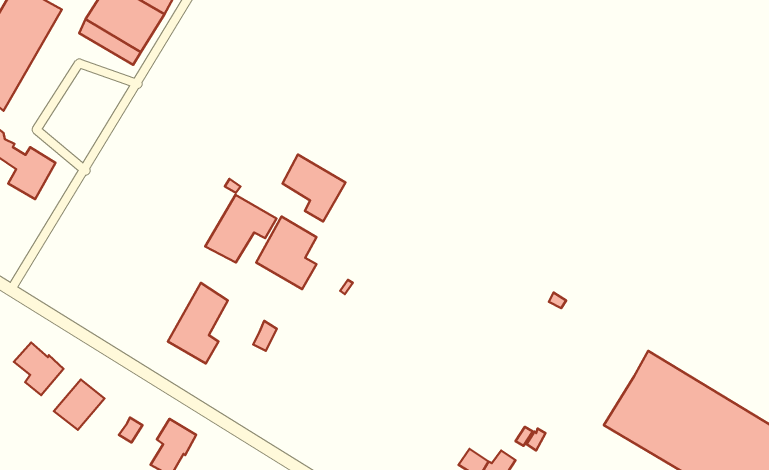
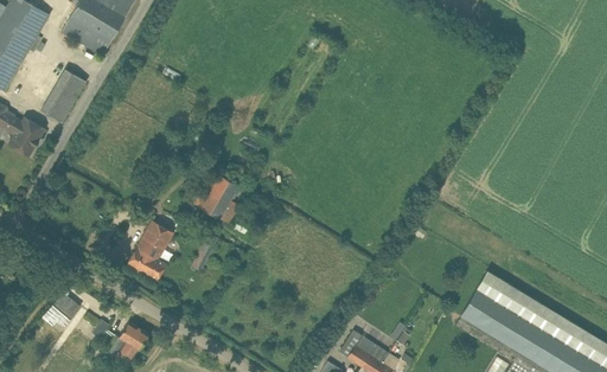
building: none -> [41,69,87,122]
building: [283,155,345,221] -> none
building: [205,195,277,262] -> none
building: [14,343,64,395] -> none

